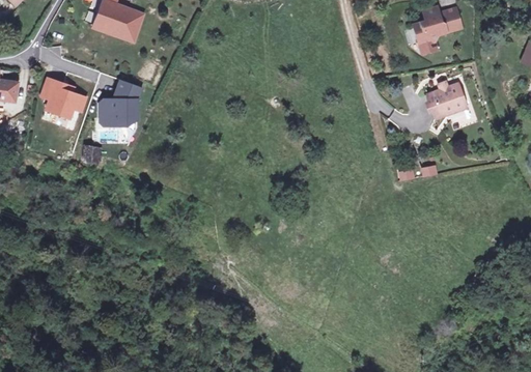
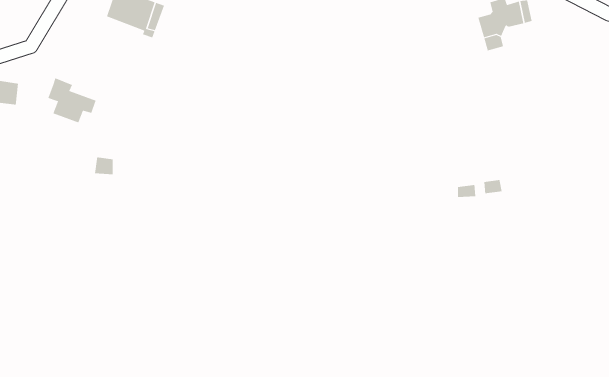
building: [99,80,141,124] -> none
building: [427,84,466,115] -> none

